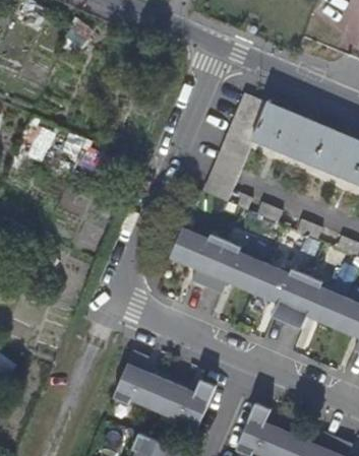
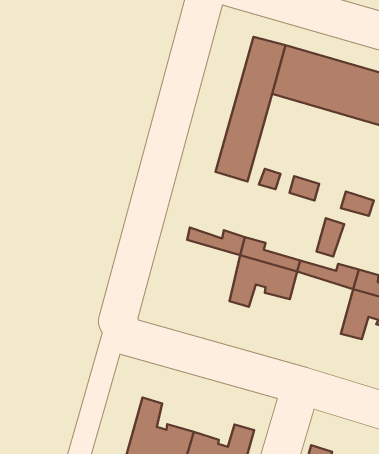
building: [170,238,217,287] -> none
building: [250,271,299,322] -> none

